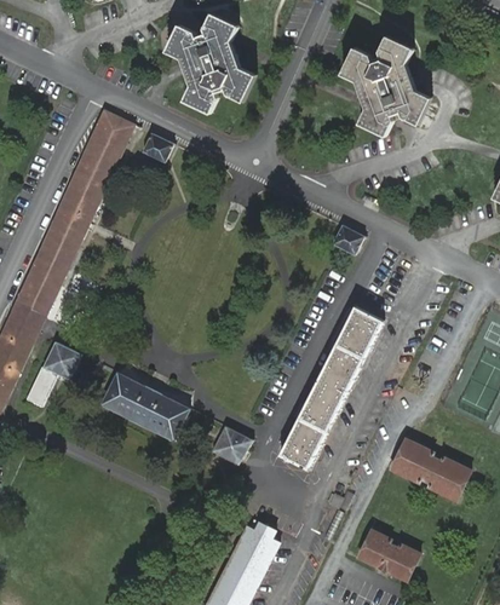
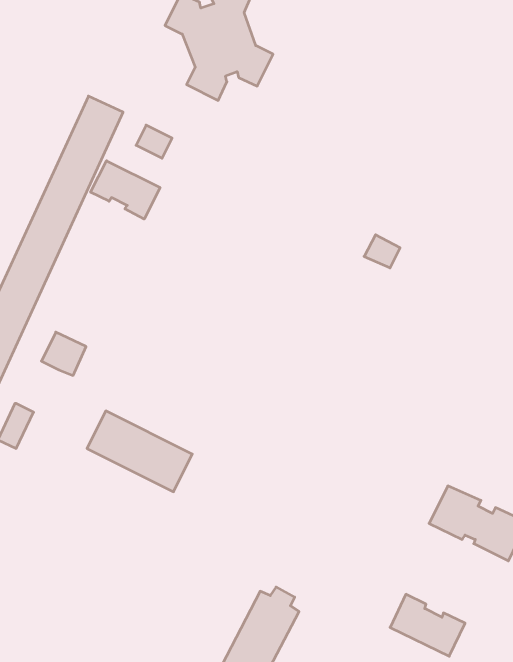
building: [341,36,432,137] -> none
building: none -> [91,161,160,219]
building: [281,309,384,471] -> none
building: [41,344,79,380] -> [41,332,86,375]
building: [212,428,249,466] -> none

